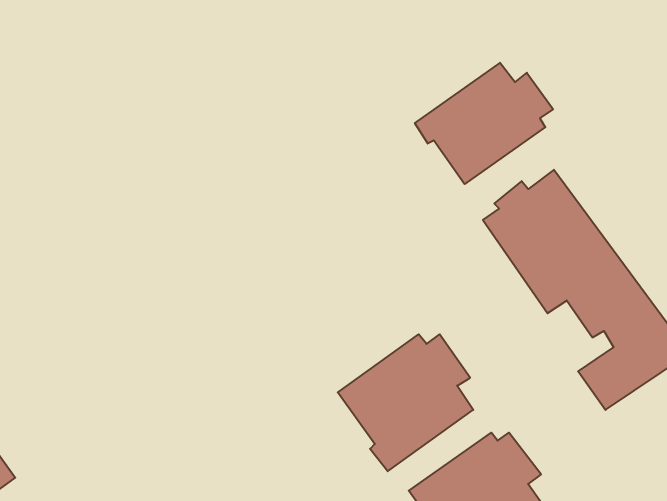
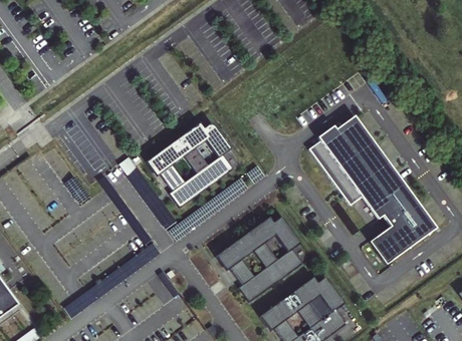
building: [415,63,553,184] -> none
building: none -> [151,121,235,207]

